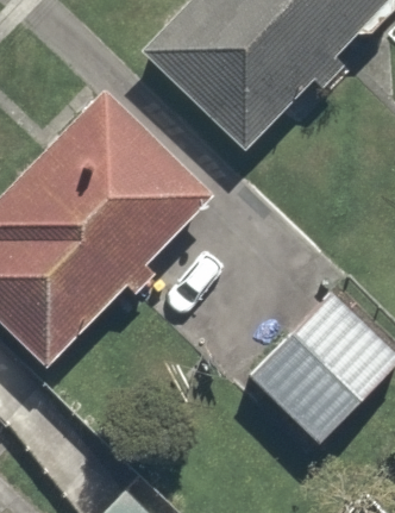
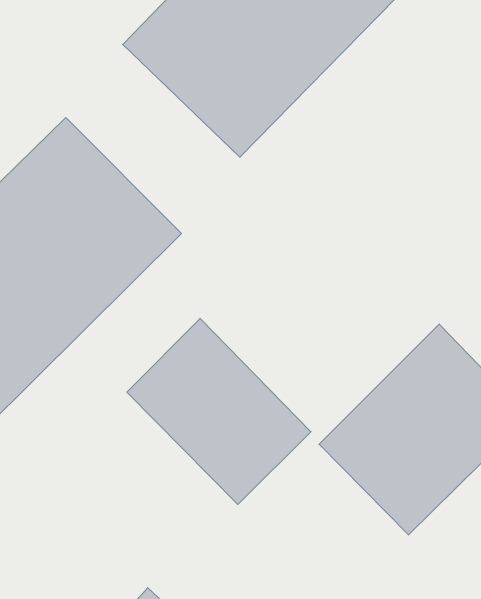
building: none -> [127,318,311,504]

